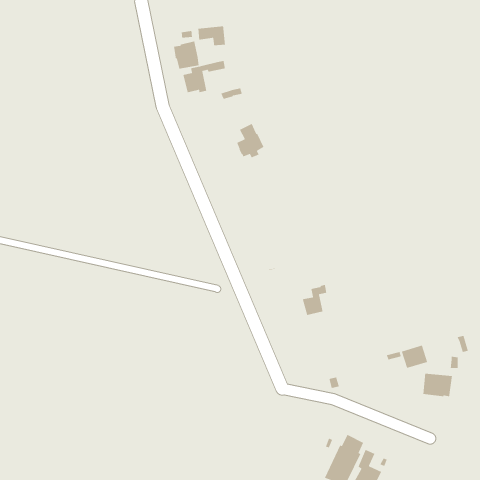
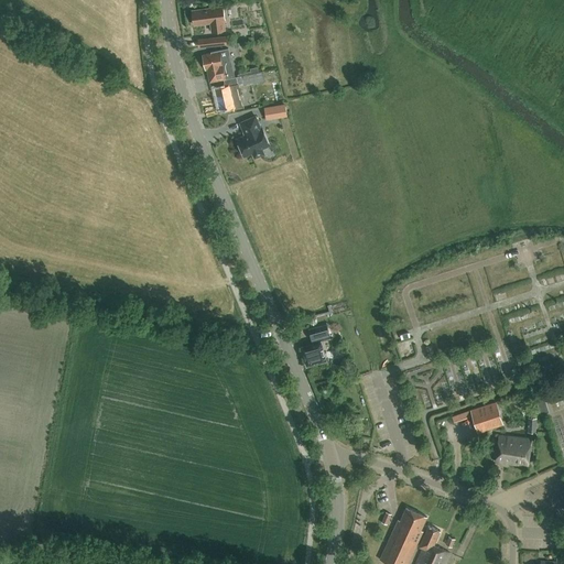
building: [197,25,226,46] -> [192,8,225,32]
building: [236,123,264,159] -> [236,117,269,159]
building: [302,284,327,316] -> [300,328,329,366]

